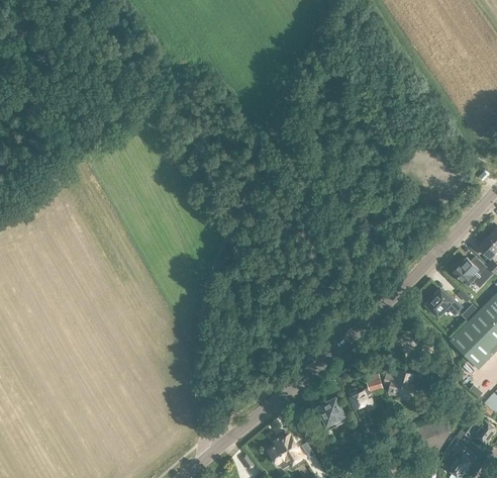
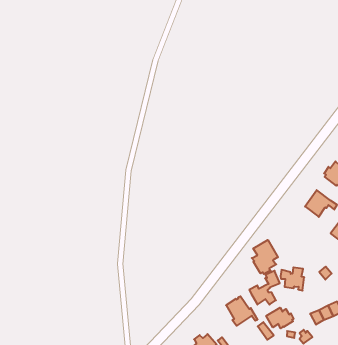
building: none -> [252,240,278,274]
building: none -> [266,308,294,328]

